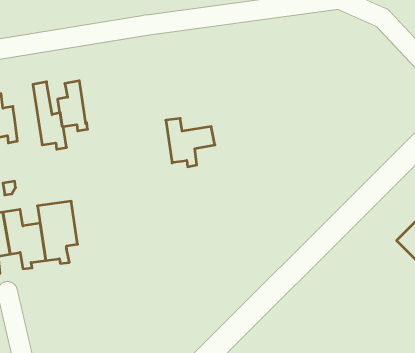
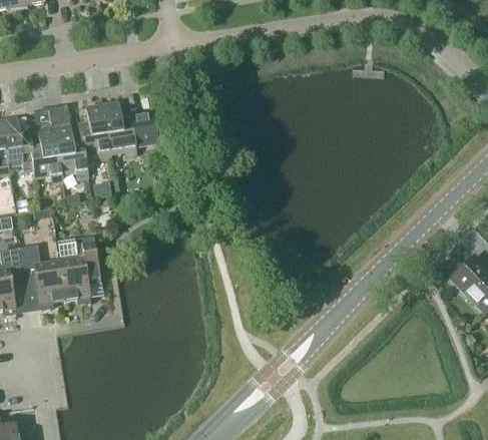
building: none -> [31,107,63,181]
building: [166,118,215,167] -> [102,101,156,154]

